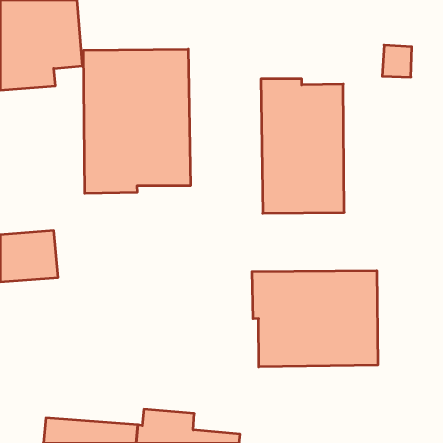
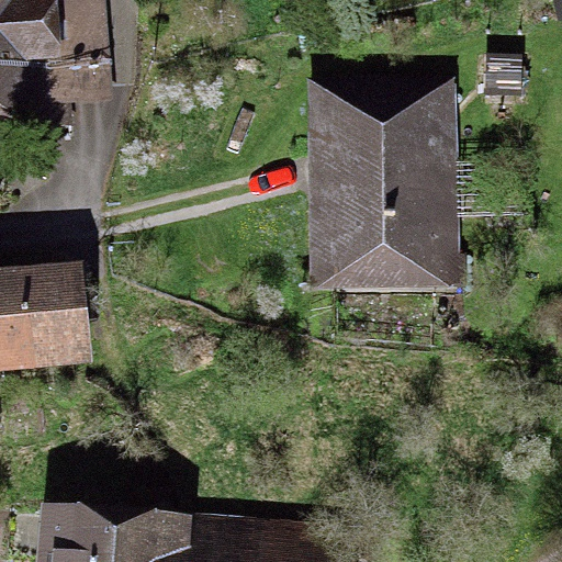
building: [84,49,190,193] -> none
building: [252,271,378,367] -> none

